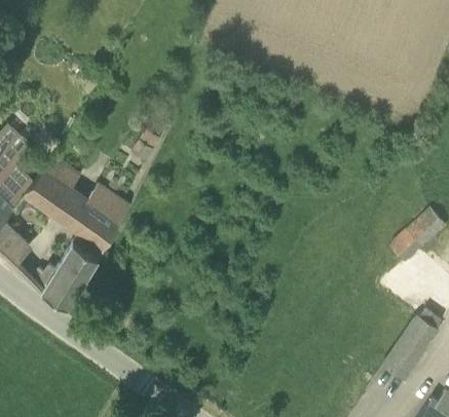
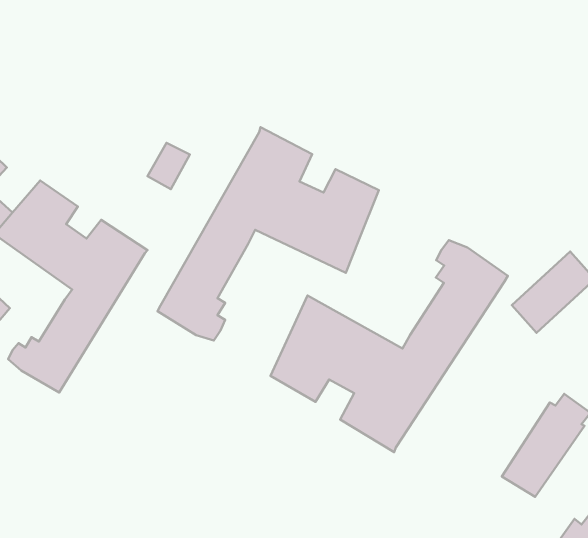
building: none -> [157,127,379,341]
building: none -> [270,240,508,452]

